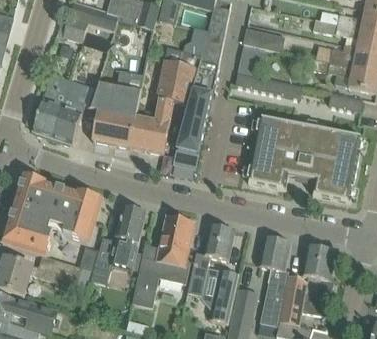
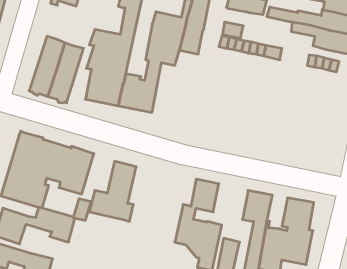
building: [172,88,213,170] -> none
building: [247,116,361,201] -> none
building: [131,216,194,307] -> none

